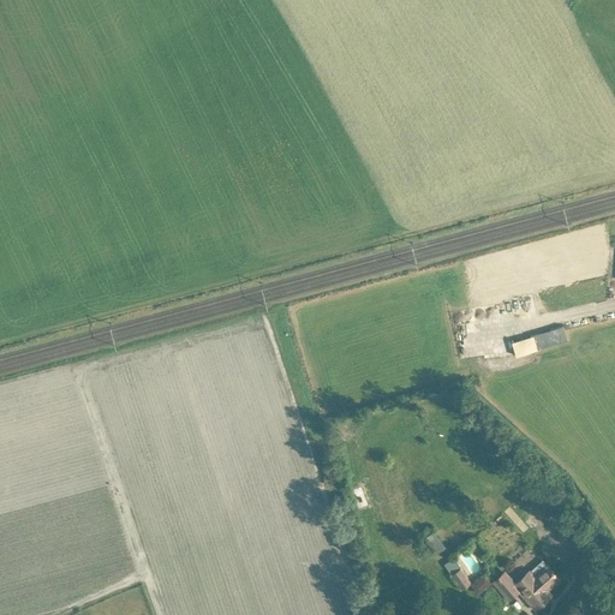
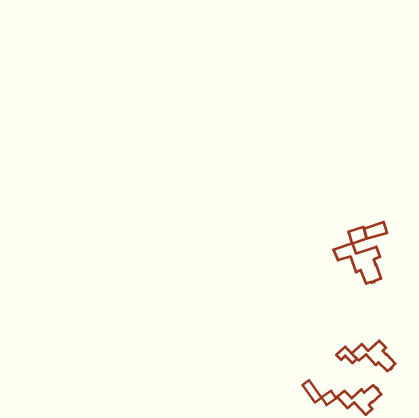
building: none -> [333,243,381,284]
building: none -> [352,341,395,371]

